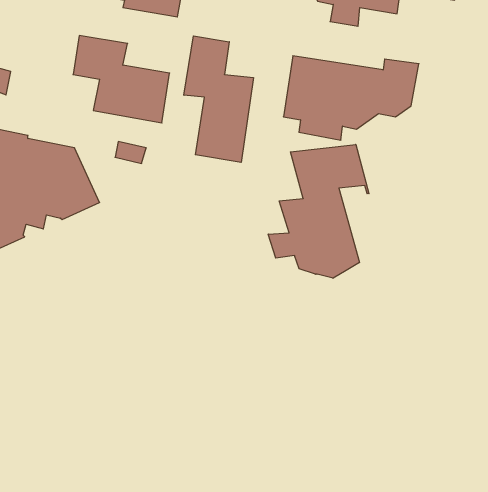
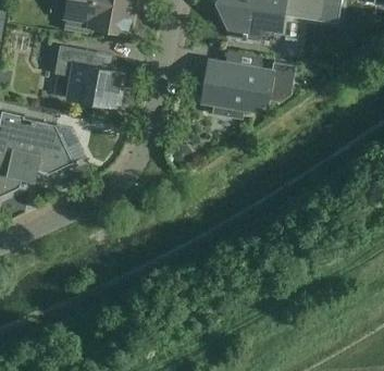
building: [184,36,253,162] -> none
building: [268,144,369,278] -> none

